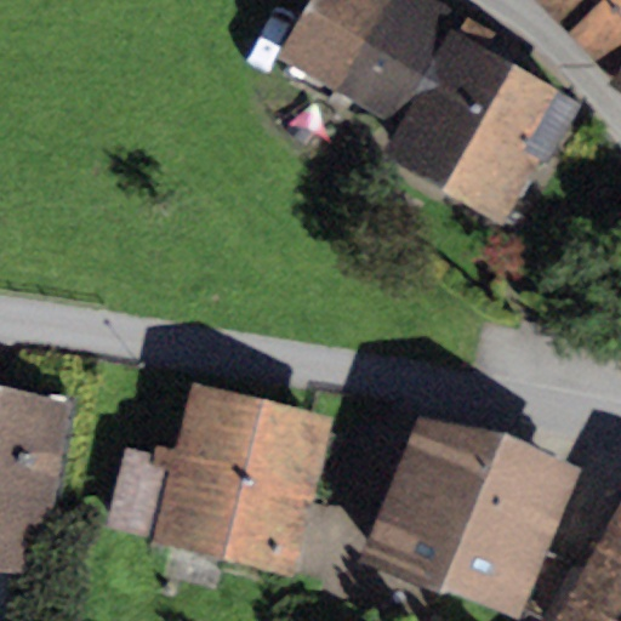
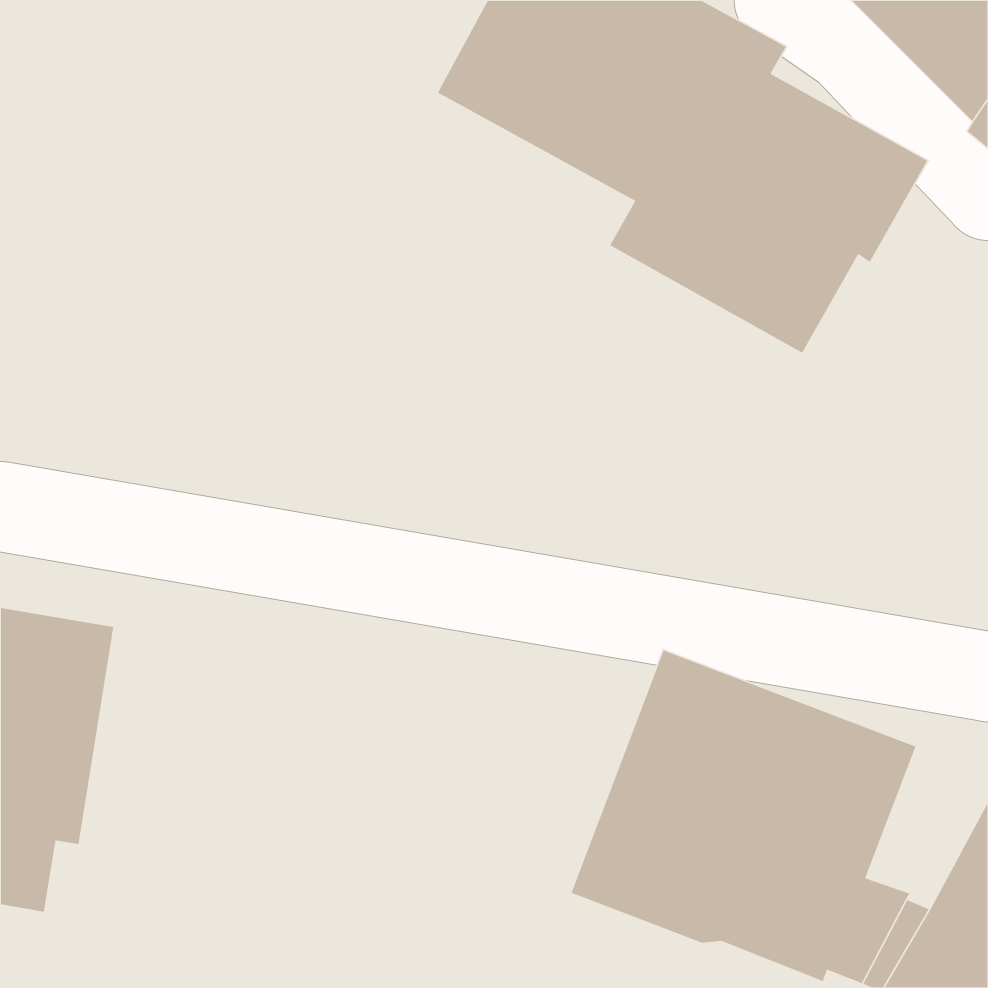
building: [103,383,334,575] -> none

